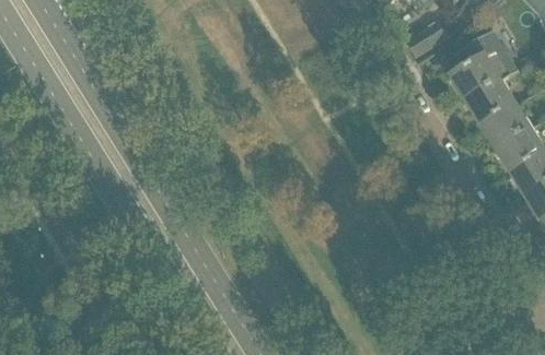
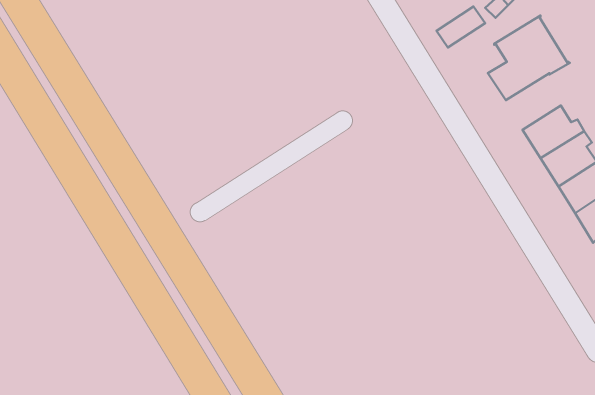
building: [465,75,512,123] -> none

